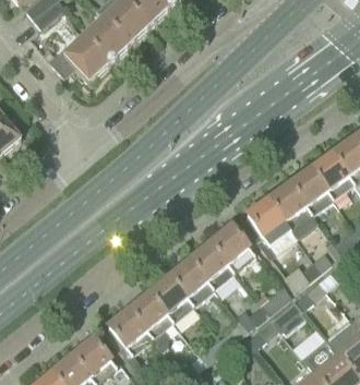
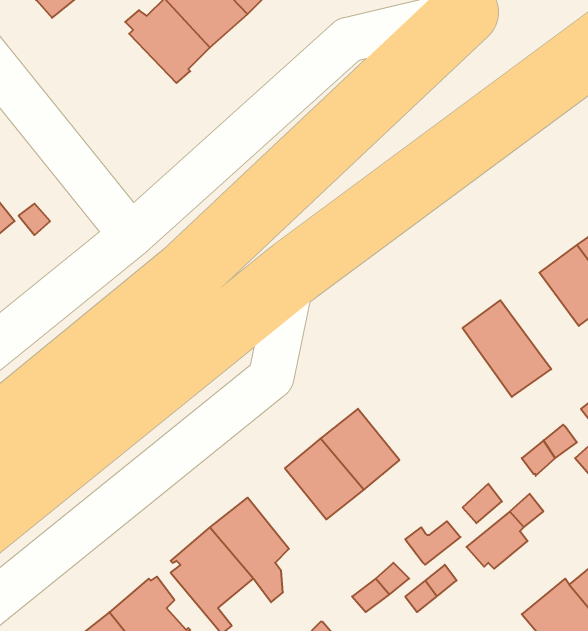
building: [49,37,110,83] -> none
building: [289,169,333,214] -> none
building: [244,200,296,257] -> none
building: [211,226,256,273] -> none
building: [149,277,193,322] -> none

